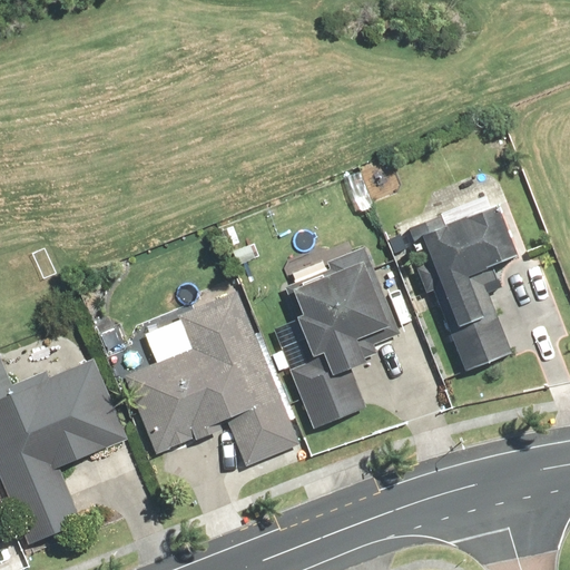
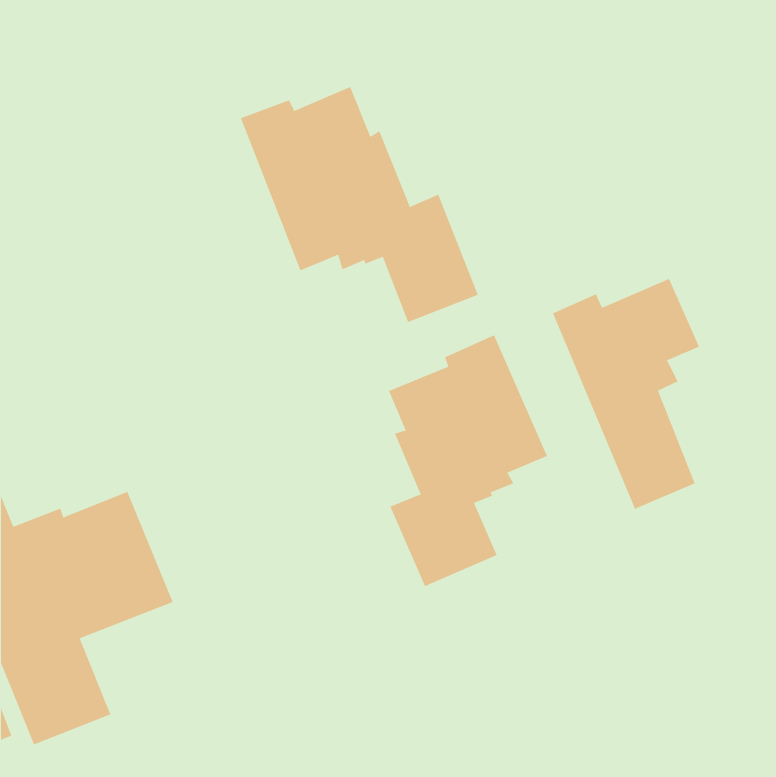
building: none -> [240,86,479,323]
building: [124,291,298,465] -> none

